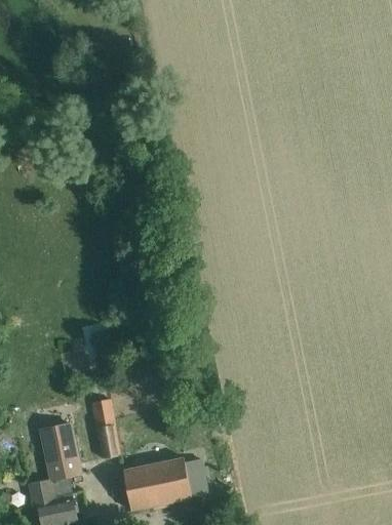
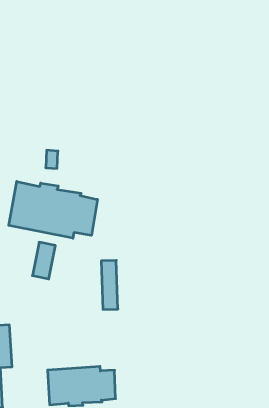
building: none -> [9,181,97,238]
building: [91,398,119,457] -> [101,260,118,309]

